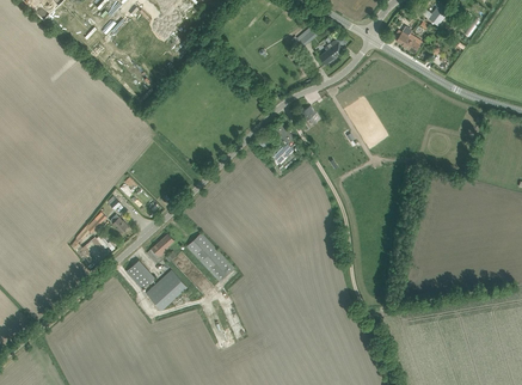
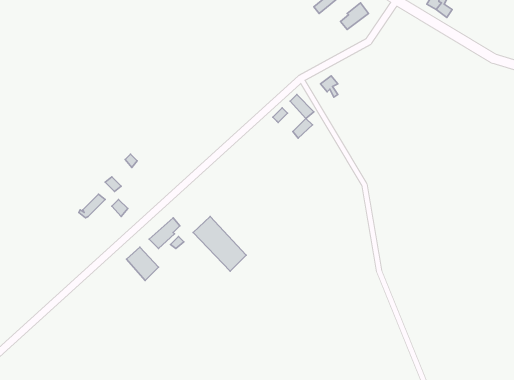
building: [146,269,186,308] -> none

